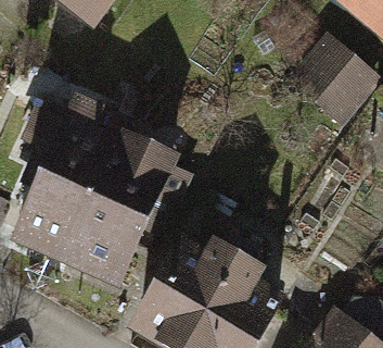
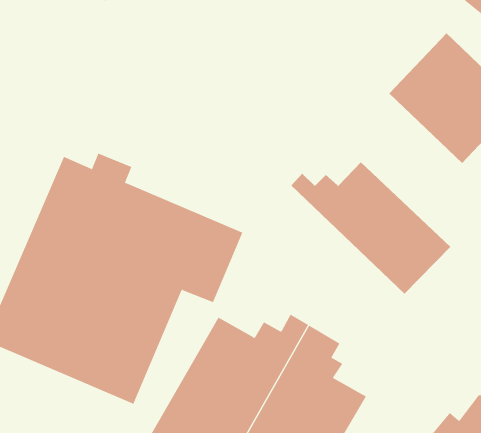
building: none -> [290,161,451,294]

